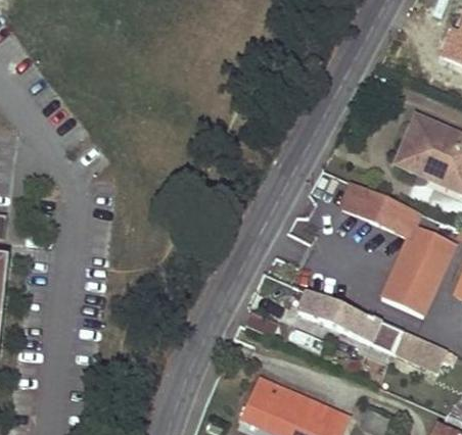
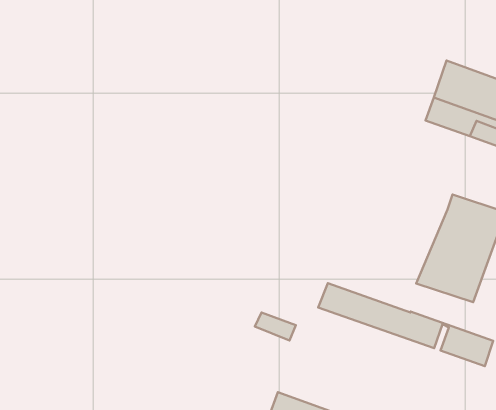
building: [339,183,417,236] -> none

